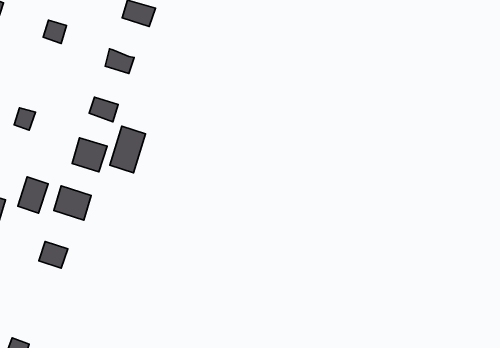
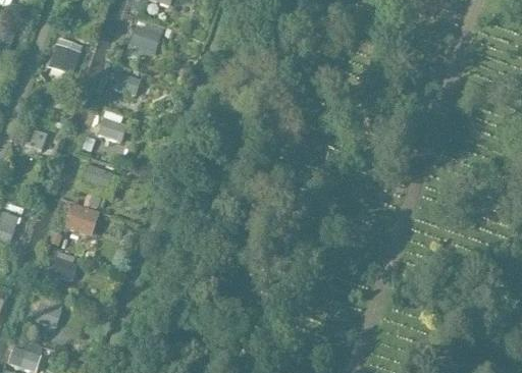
building: [110,126,146,173] -> none
building: [18,177,48,213] -> none
building: none -> [34,296,64,326]

